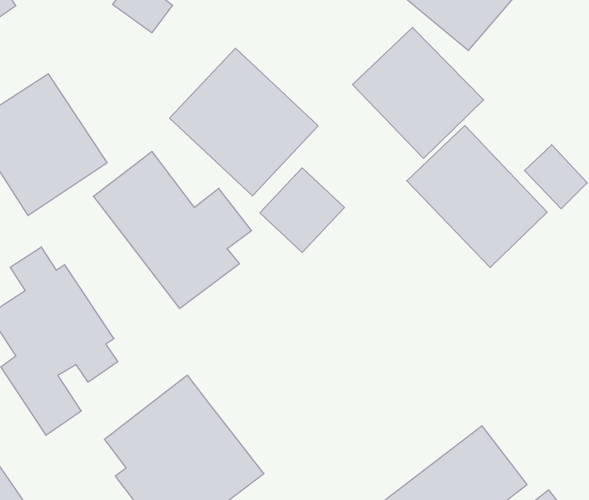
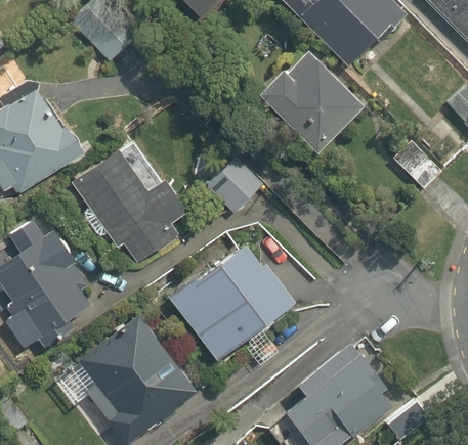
building: [170,48,318,196] -> none
building: [407,126,547,267] -> none
building: none -> [171,237,296,359]

